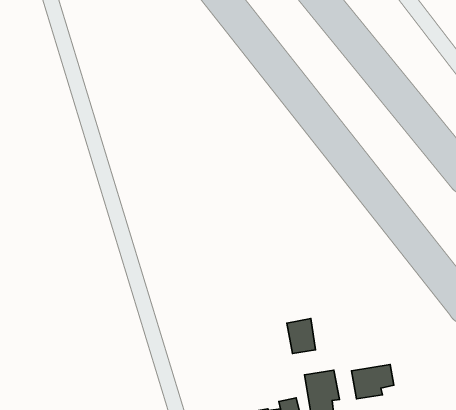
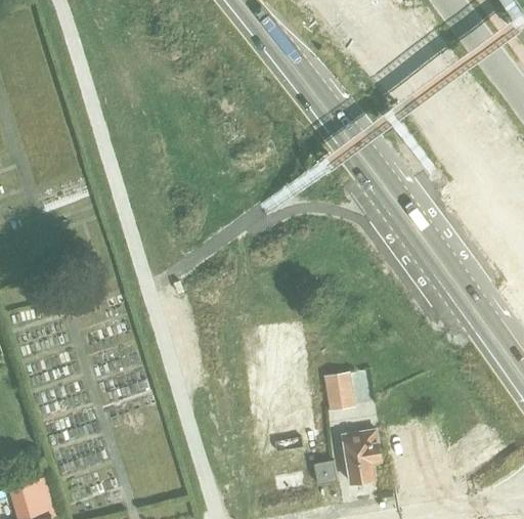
building: [352,364,394,399] -> none

